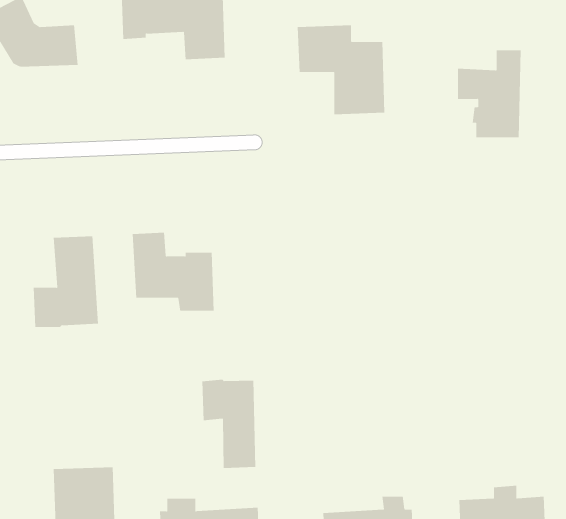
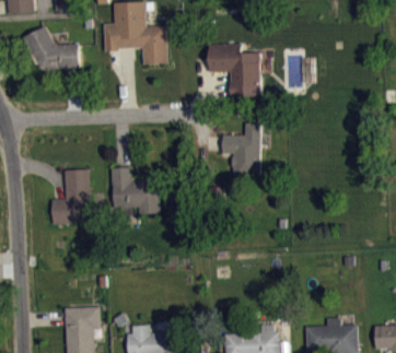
building: [457,50,521,138] -> [222,122,260,175]
building: [202,379,256,469] -> none

